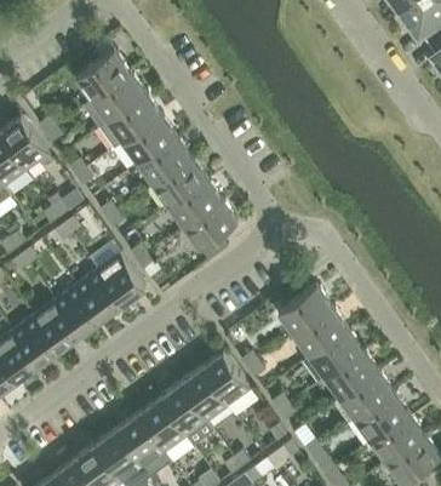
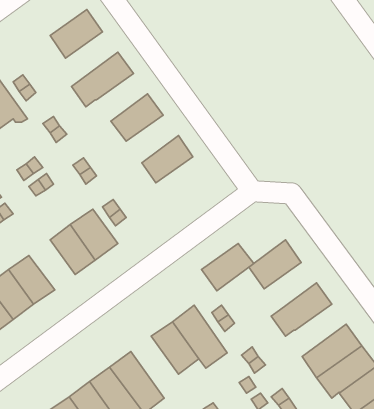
building: [81,73,144,128] -> none
building: [122,115,174,164] -> none
building: [153,158,206,206] -> none
building: [183,200,236,248] -> none
building: [53,285,101,336] -> none
building: [293,308,346,356] -> [201,243,254,291]
building: [325,350,377,404] -> none
building: [158,383,212,446] -> none

